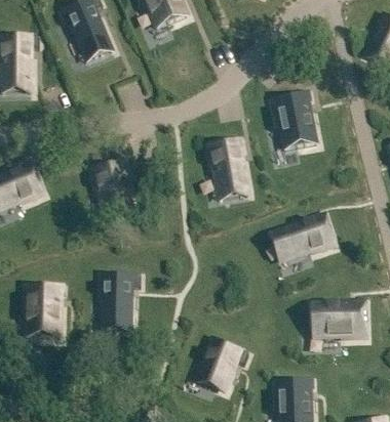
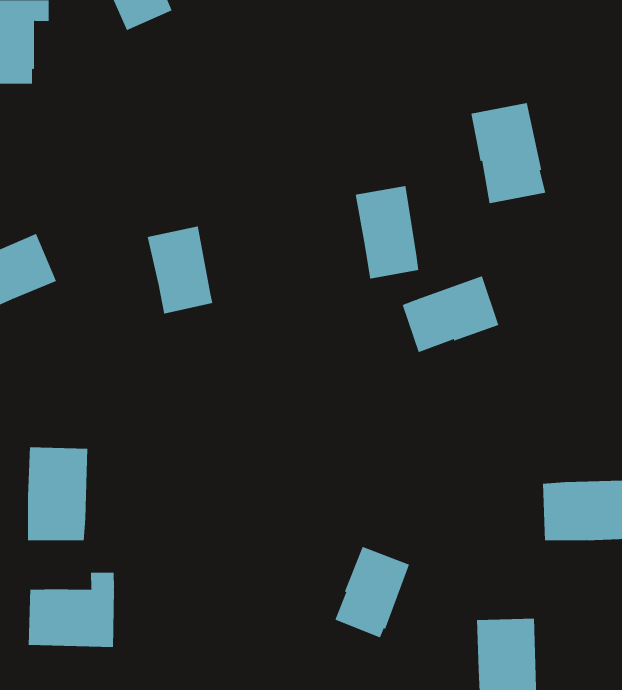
building: [280,216,335,259] -> [402,275,499,353]
building: [103,273,132,322] -> none
building: none -> [28,572,114,648]

